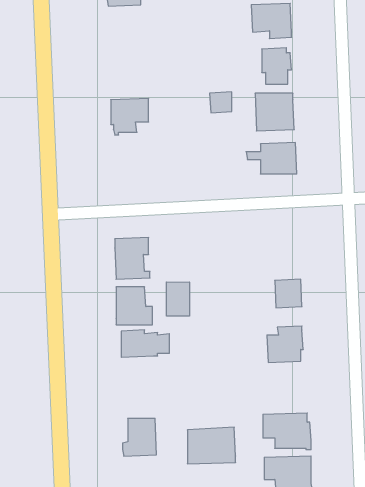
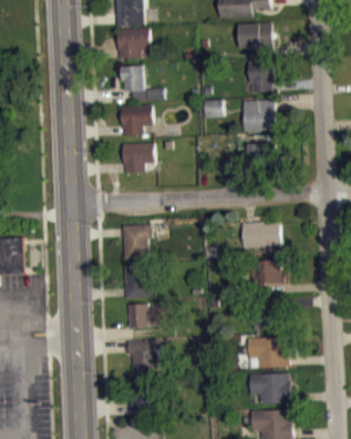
building: none -> [116,29,148,59]
building: none -> [118,64,163,101]
building: none -> [122,143,153,173]
building: none -> [242,223,279,248]
building: [167,282,189,316] -> none
building: none -> [125,340,161,372]
building: [187,427,236,464] -> [246,337,287,368]

